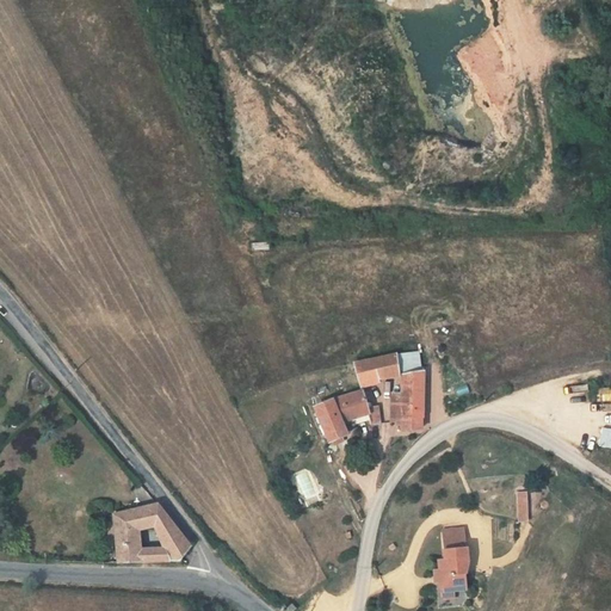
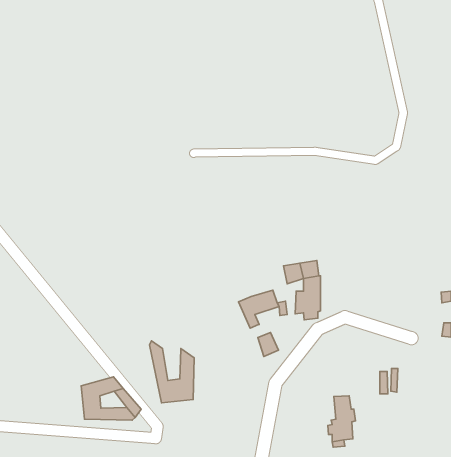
building: [353,357,381,387] -> none
building: none -> [258,333,278,356]
building: none -> [150,341,194,403]

